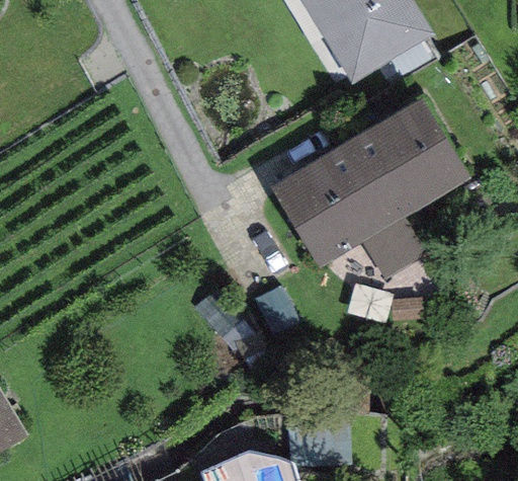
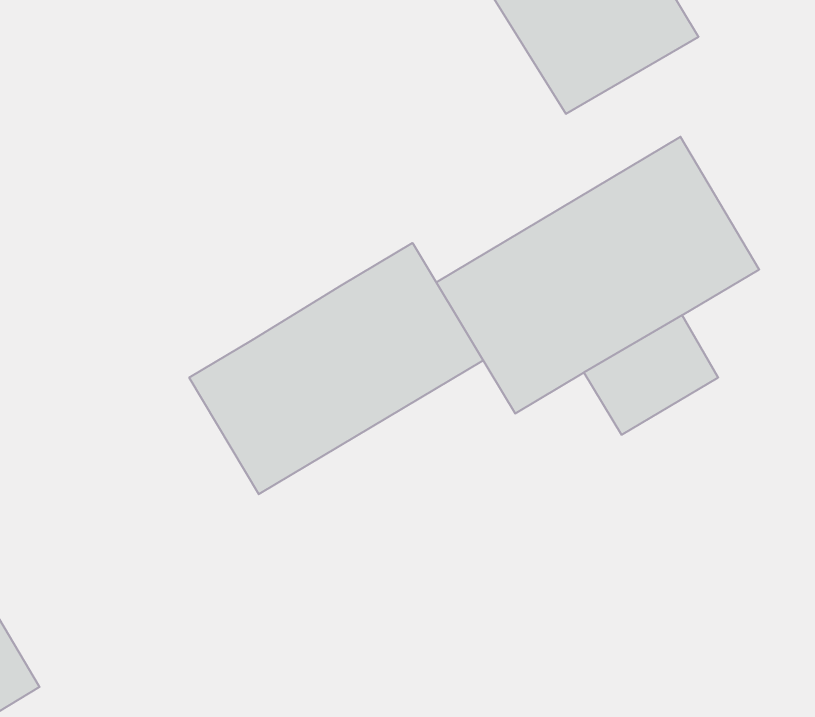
building: none -> [189,243,483,494]

